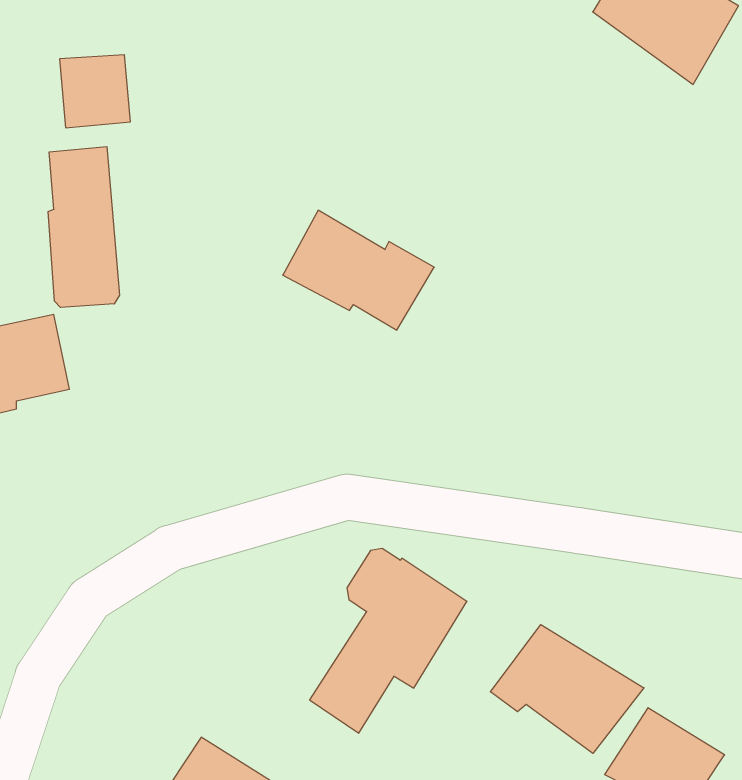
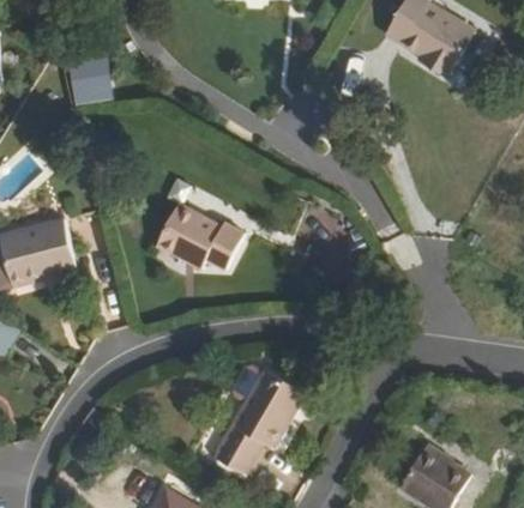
building: [48,147,120,307] -> none
building: [283,210,434,330] -> [158,207,251,280]
building: [490,625,644,753] -> none

